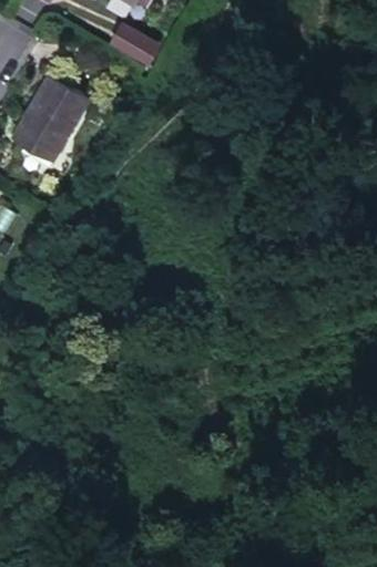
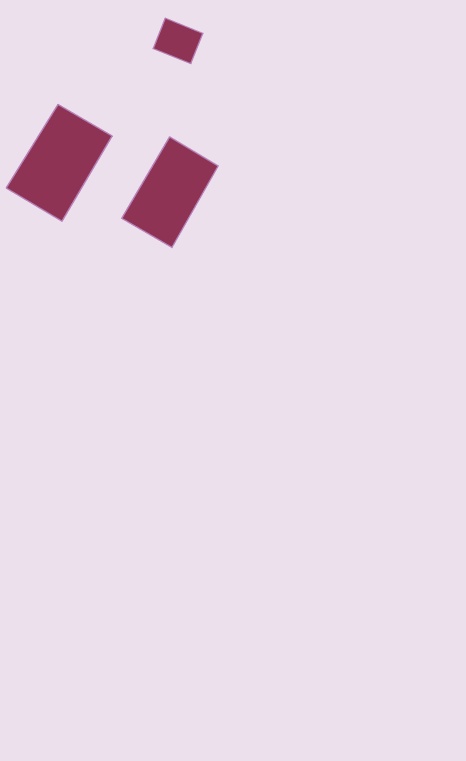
building: none -> [122,137,218,248]

